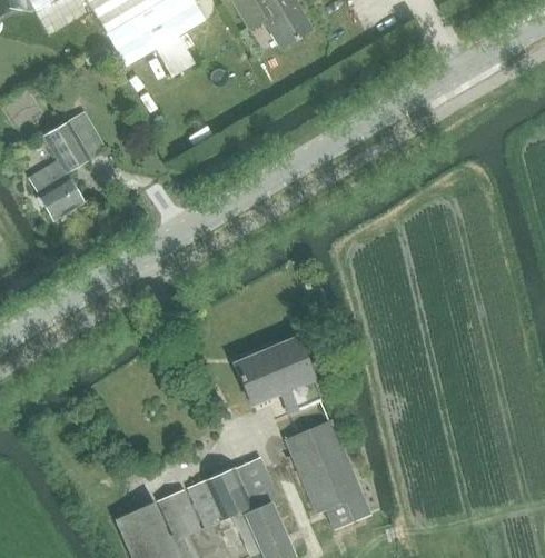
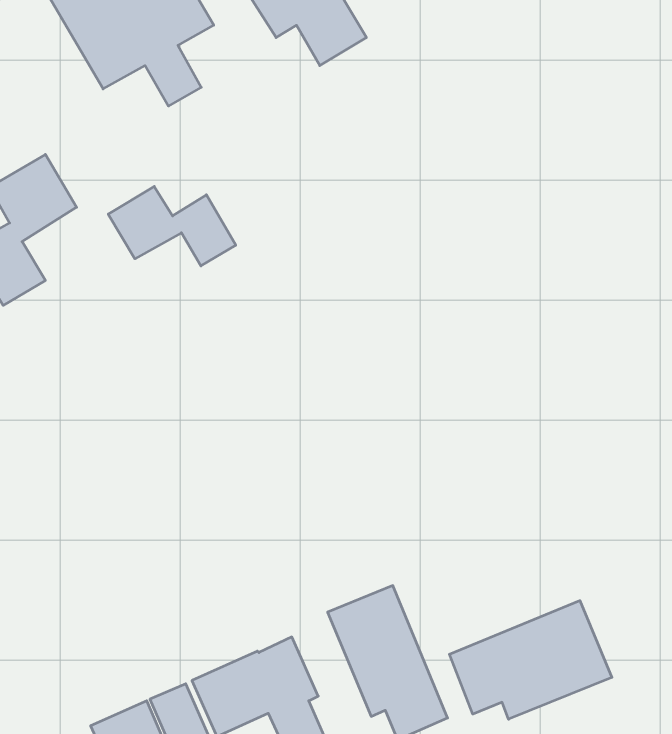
building: none -> [108,186,236,266]
building: [235,338,323,410] -> none
building: none -> [449,601,612,719]

